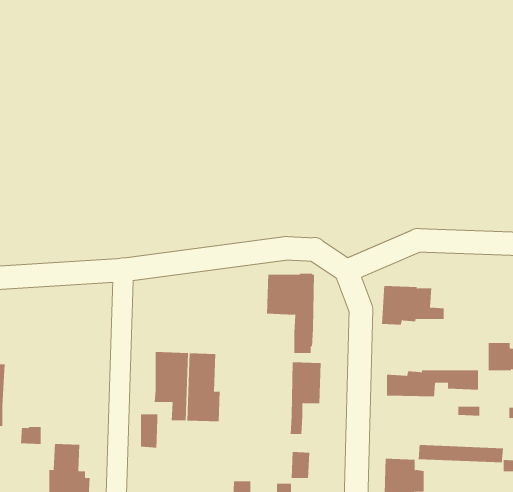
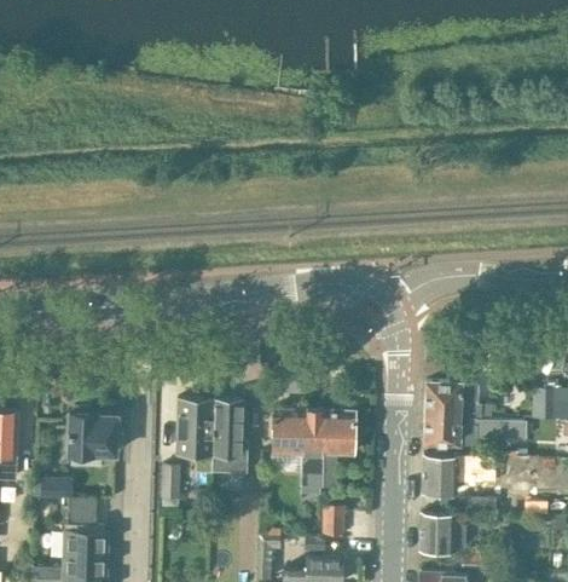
building: [266,273,315,354] -> [272,410,324,496]
building: [381,286,445,325] -> [424,384,492,426]
building: none -> [68,414,117,456]
building: none -> [423,456,473,494]

